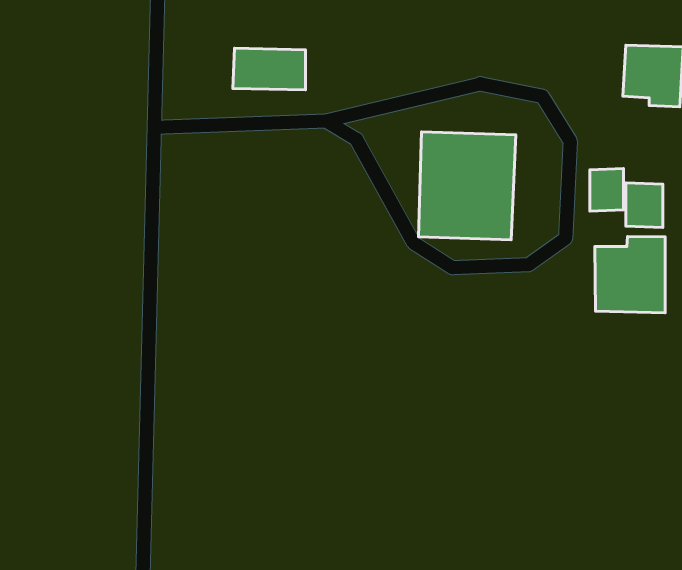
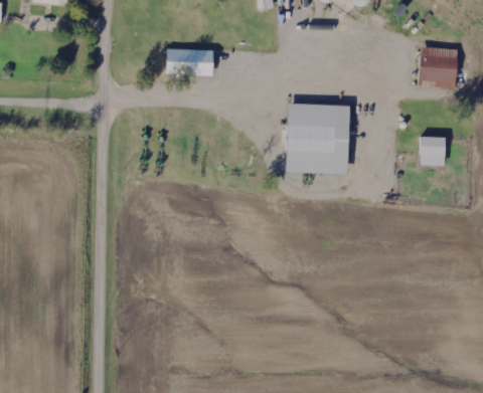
building: [590,168,623,211] -> none
building: [595,237,665,313] -> none

